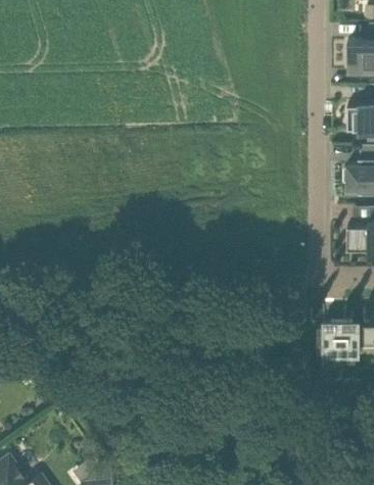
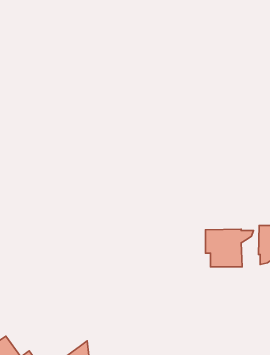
building: none -> [205,229,253,267]

